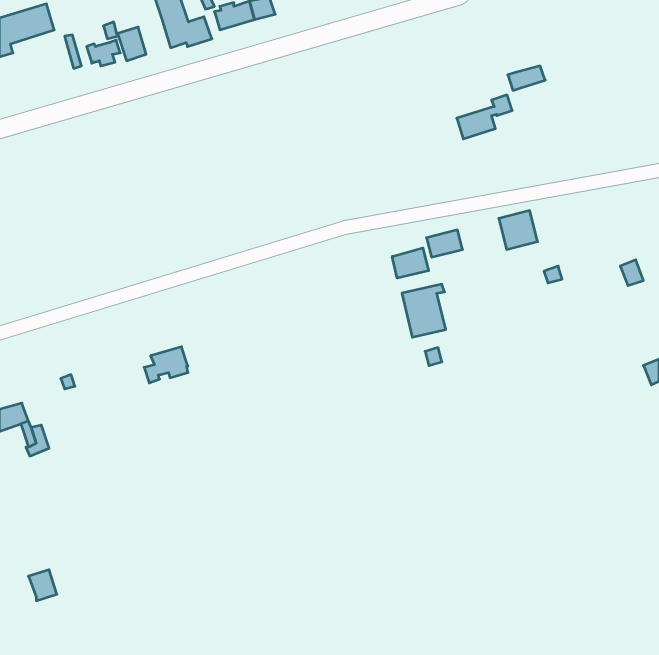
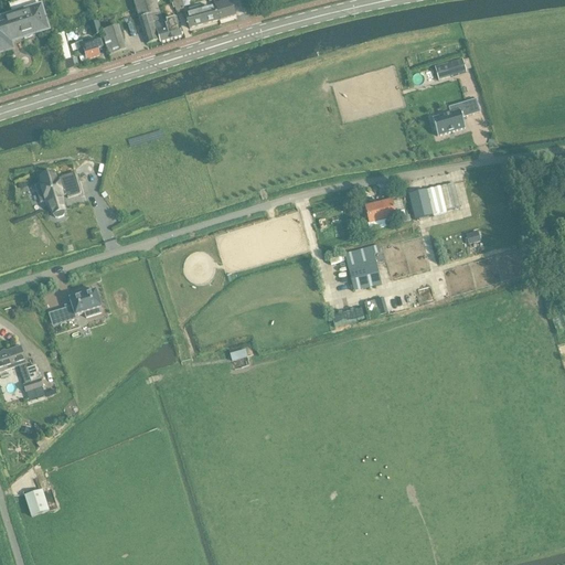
building: [457,95,512,139] -> [431,96,479,134]
building: none -> [34,170,79,215]
building: none -> [407,186,433,217]
building: [392,248,429,278] -> none
building: [144,347,188,383] -> [63,288,100,319]

